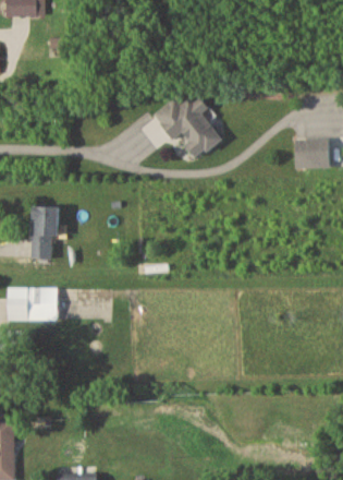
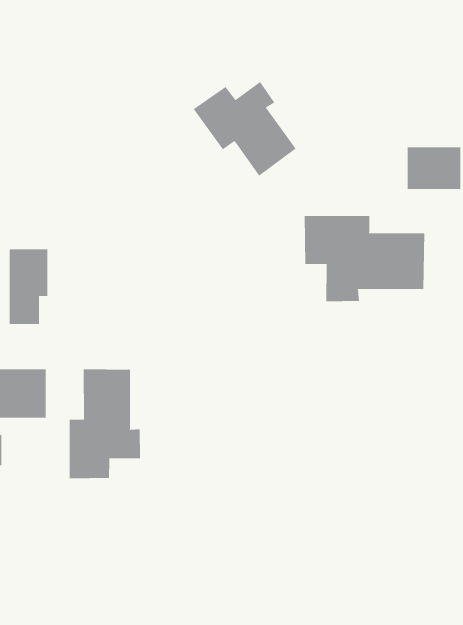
building: none -> [304,215,425,302]
building: none -> [69,368,141,479]

